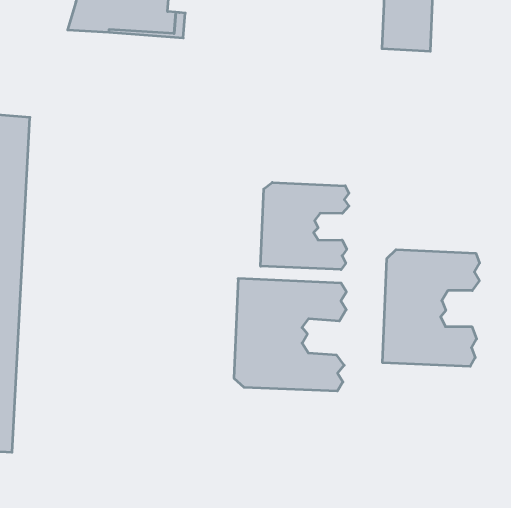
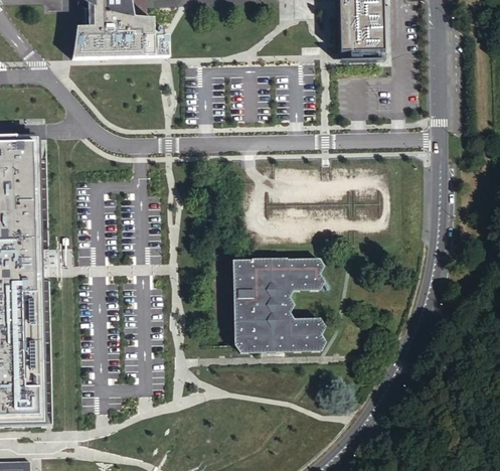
building: [261,182,349,270] -> none
building: [383,250,480,366] -> none

